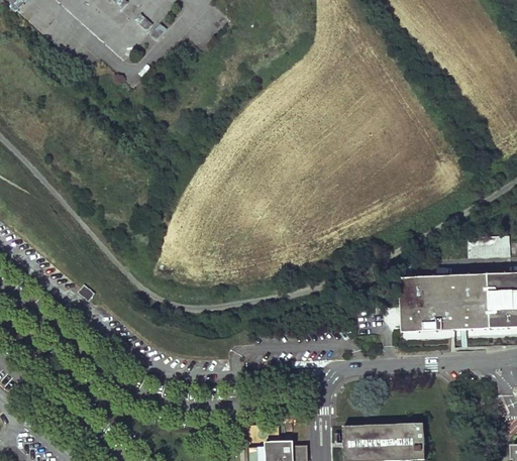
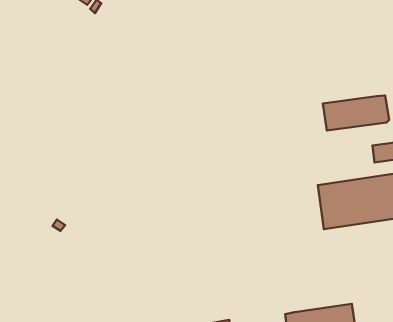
building: none -> [323,95,389,130]

